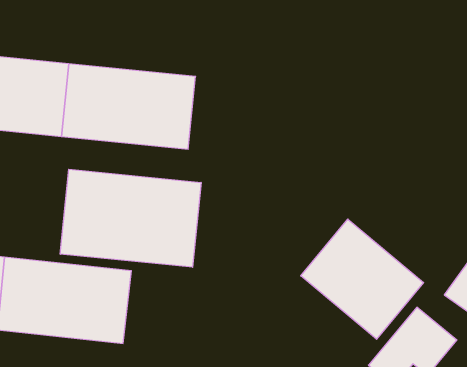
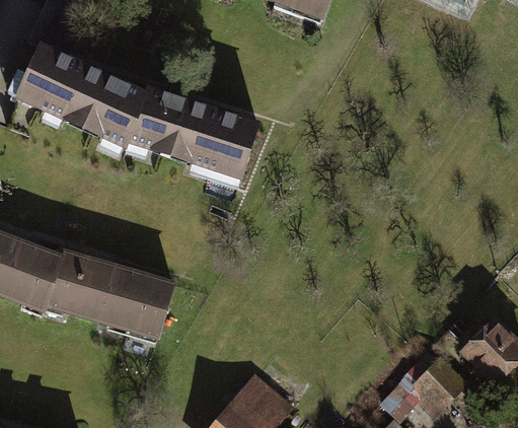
building: [60,169,201,267] -> none
building: [301,219,424,339] -> none

